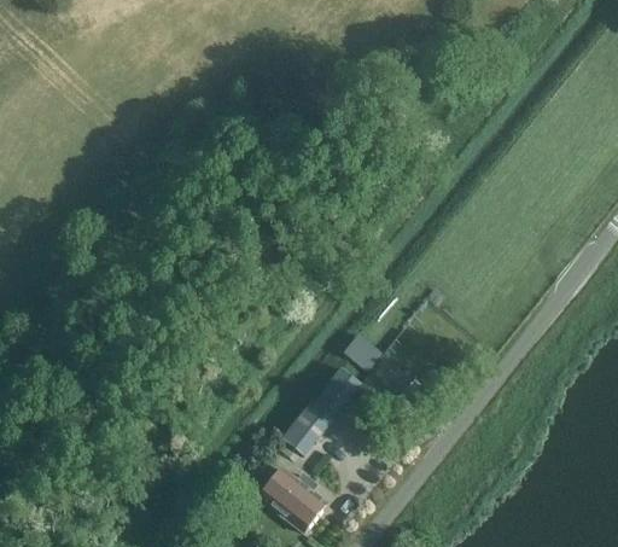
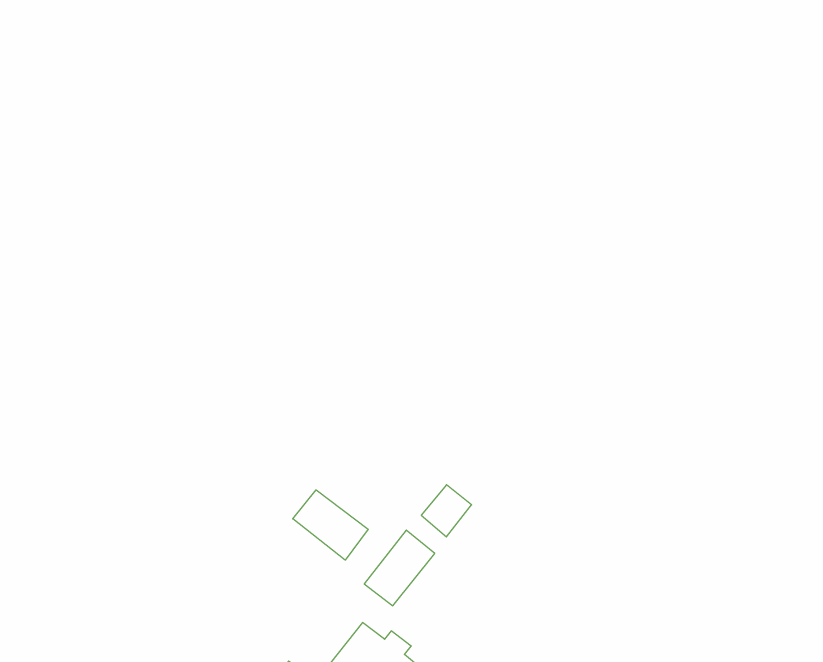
building: [344,332,381,369] -> none
building: none -> [293,490,368,560]

